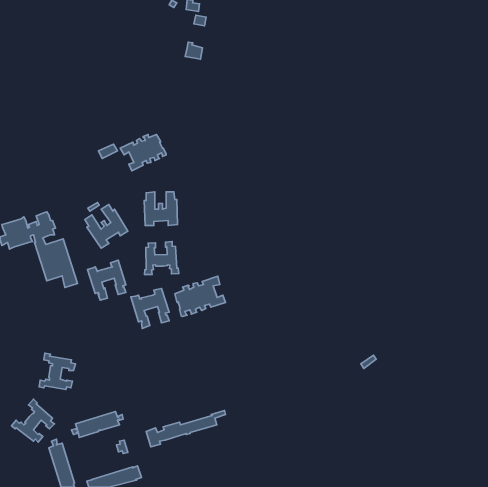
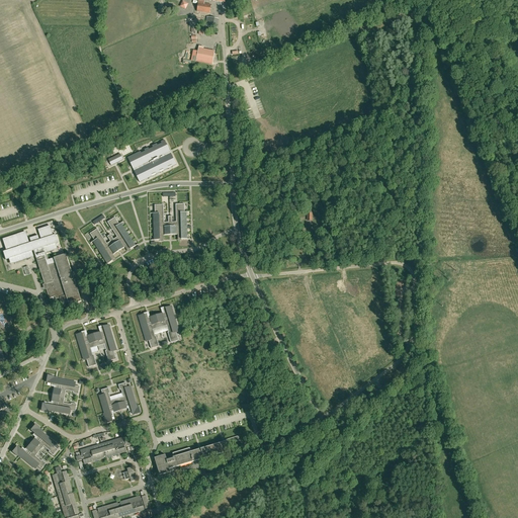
building: [145,241,179,275] -> none
building: [88,260,126,300] -> [76,324,116,366]
building: [175,276,226,316] -> none
building: none -> [99,381,141,422]

